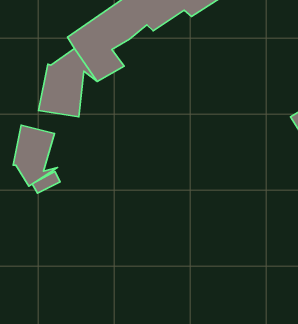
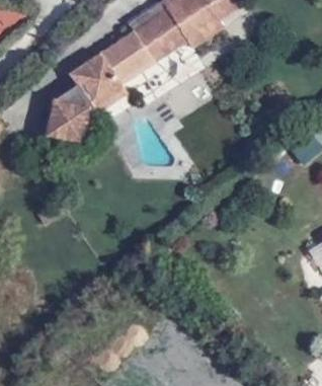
building: [13,125,57,186] -> none

